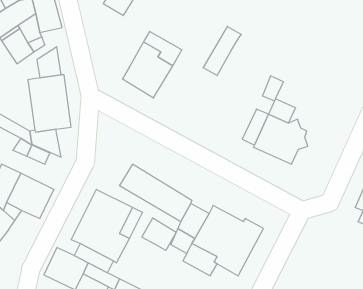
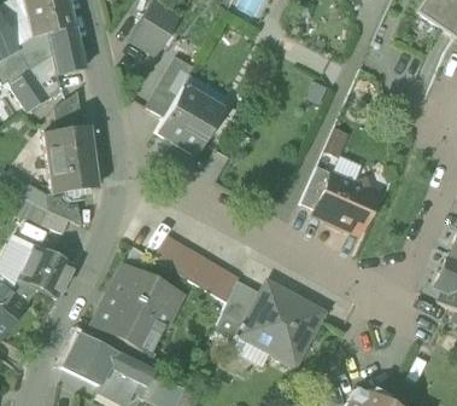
building: [203,26,241,76] -> [148,57,194,116]
building: [142,218,176,250] -> none

